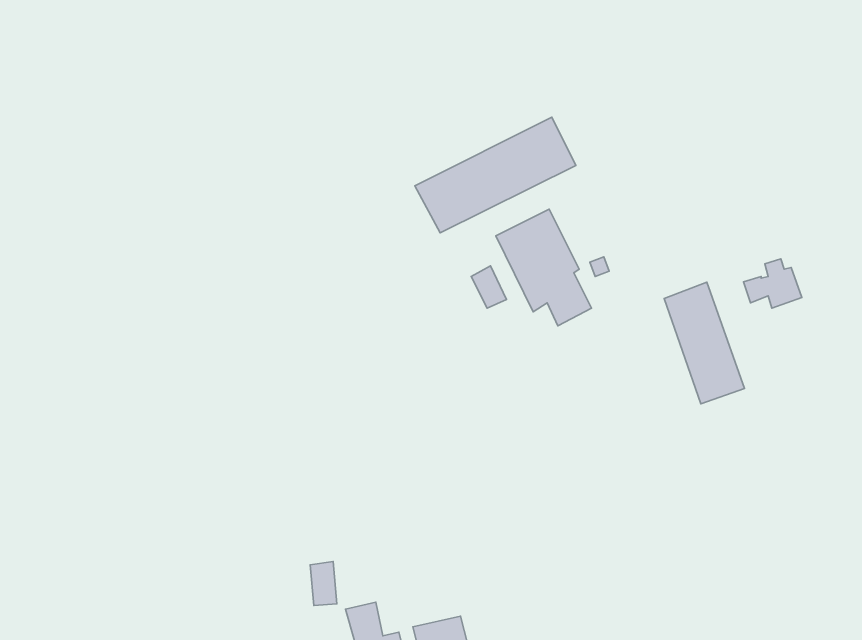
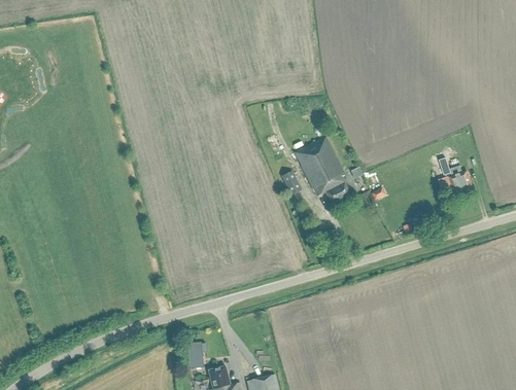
building: [415,117,576,233] -> none
building: [664,282,744,404] -> none

